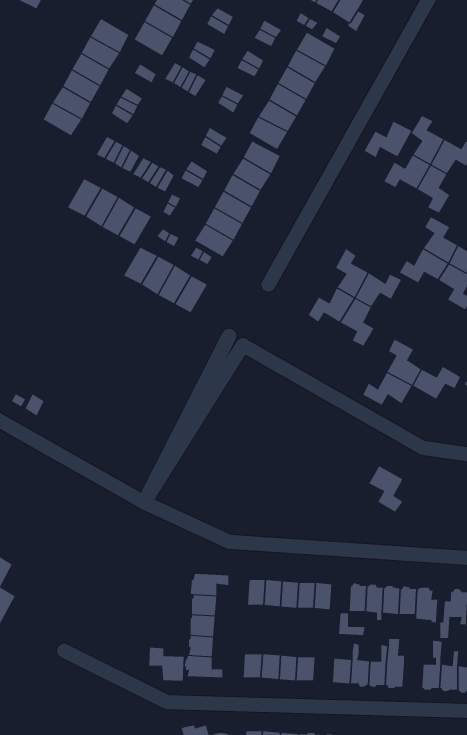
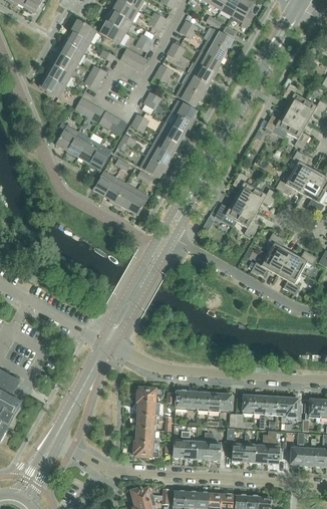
building: [364,121,412,158] -> none
building: [368,465,403,512] -> [277,263,300,294]
building: [149,647,184,681] -> none

